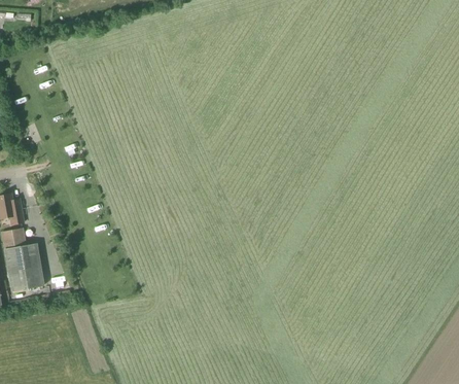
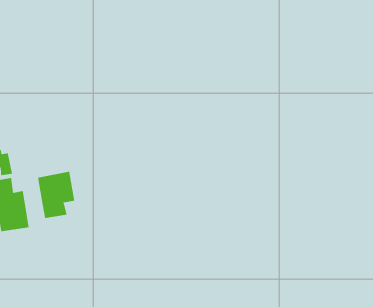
building: none -> [37,171,75,219]

